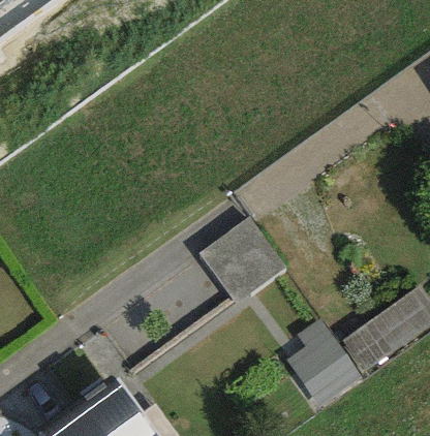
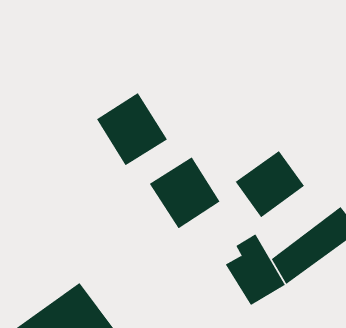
building: none -> [96,92,168,166]
building: none -> [235,150,305,218]

